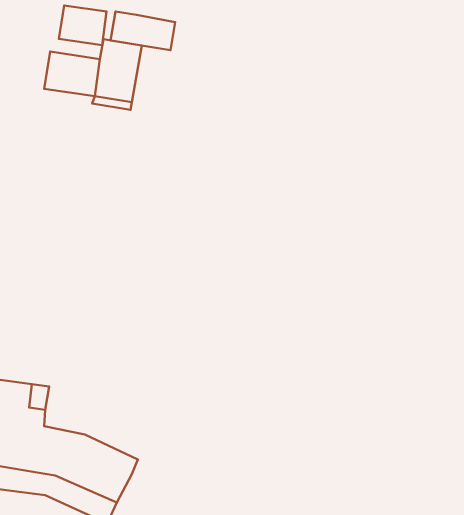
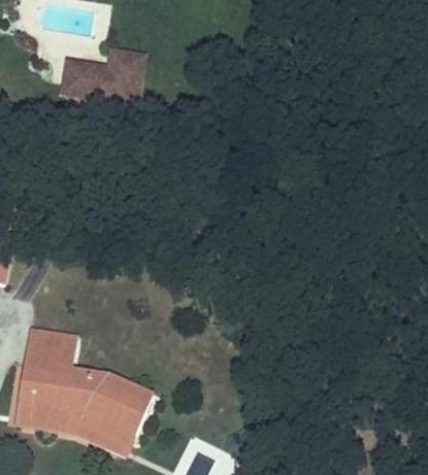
building: [59,6,107,45] -> none
building: [110,12,175,50] -> none

